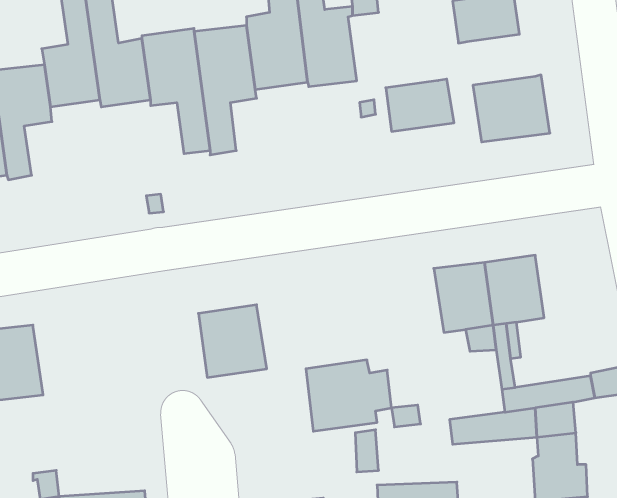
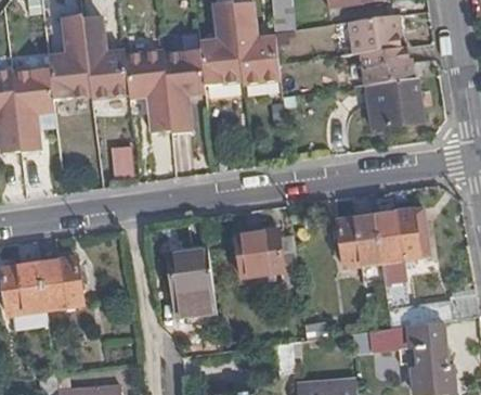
building: [386,79,454,131] -> [362,44,413,84]
building: none -> [38,256,88,315]
building: [306,360,392,431] -> [231,229,295,282]

